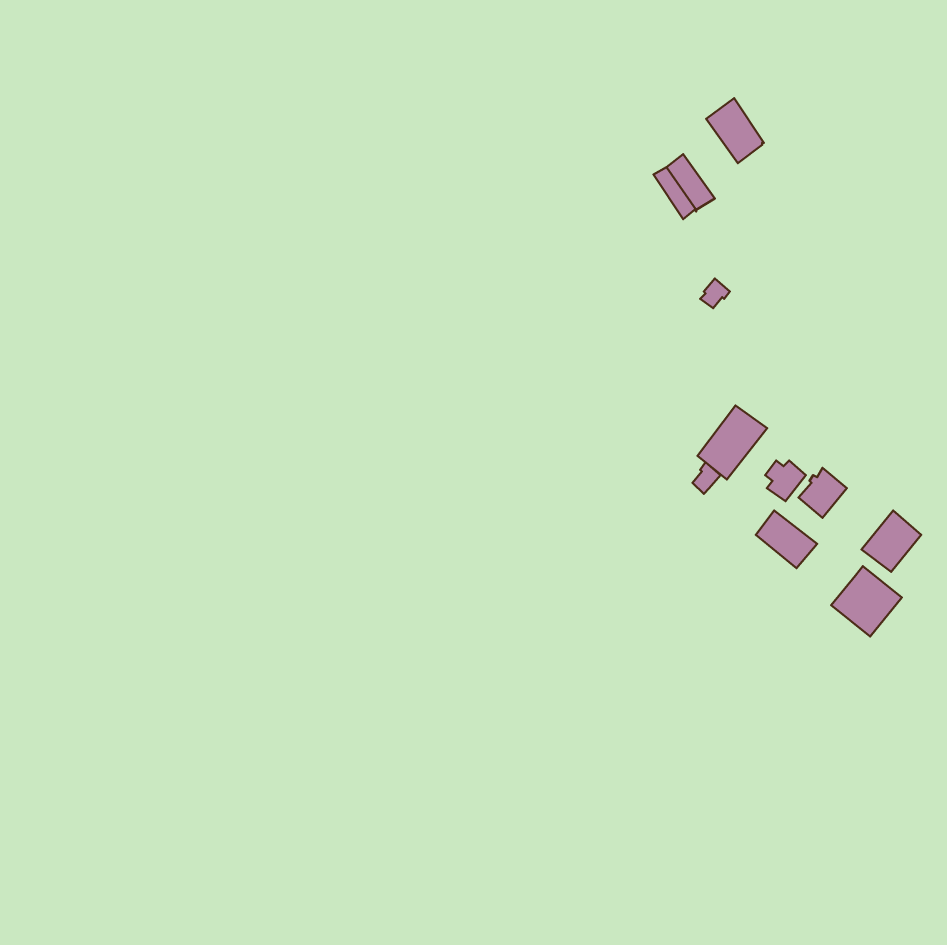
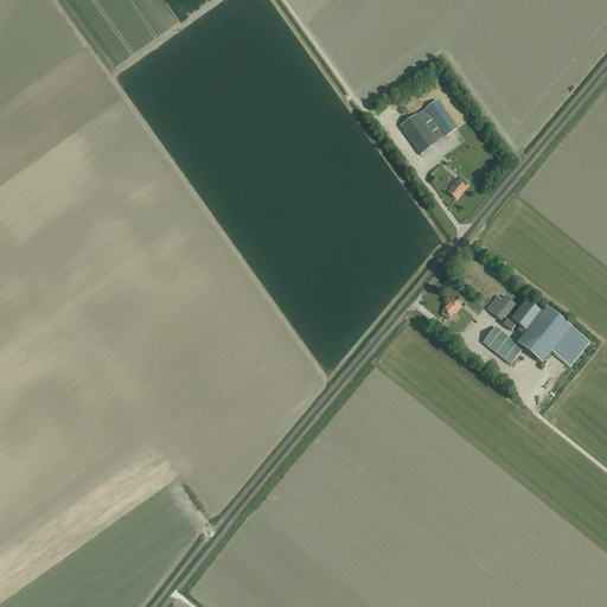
building: [706,98,764,163] -> [400,111,436,153]
building: [698,405,767,479] -> none
building: [831,566,902,637] -> [525,306,570,351]

